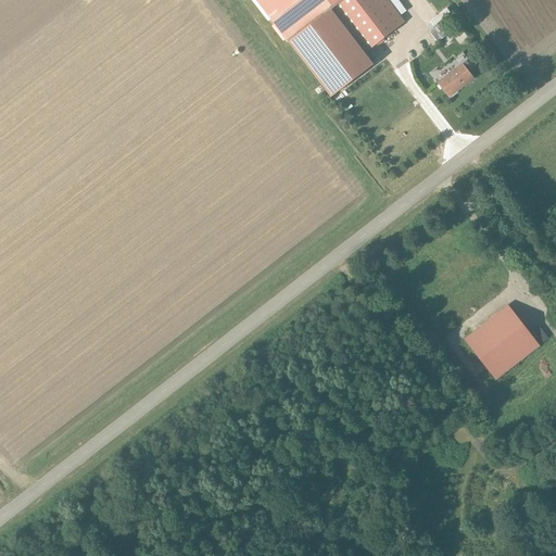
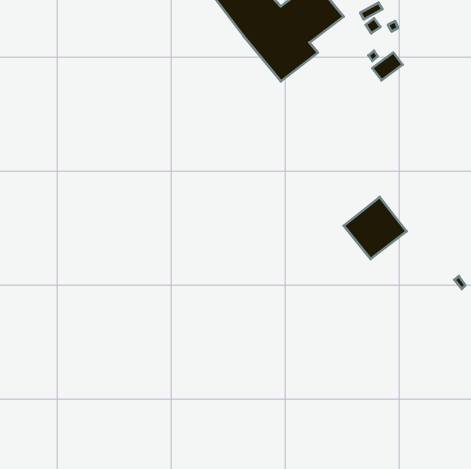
building: [466,303,540,376] -> [344,197,407,259]

